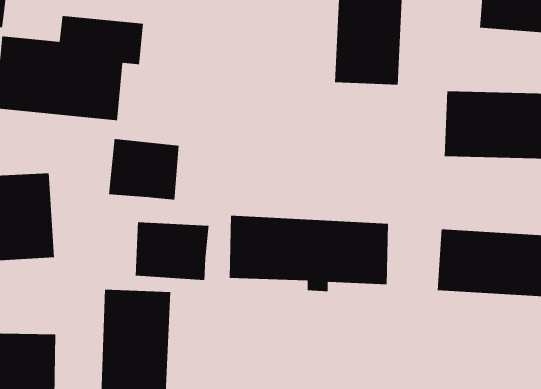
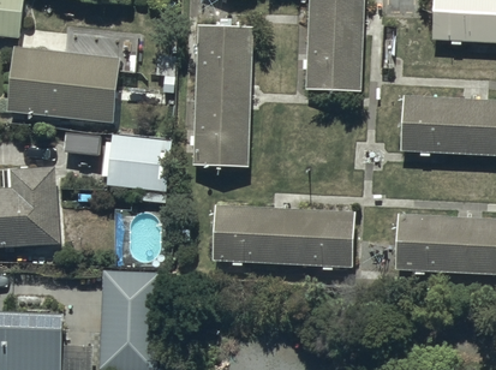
building: none -> [193,25,253,166]
building: [135,221,209,281] -> none

